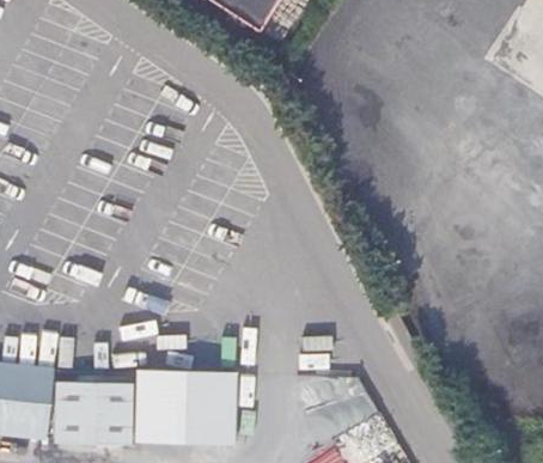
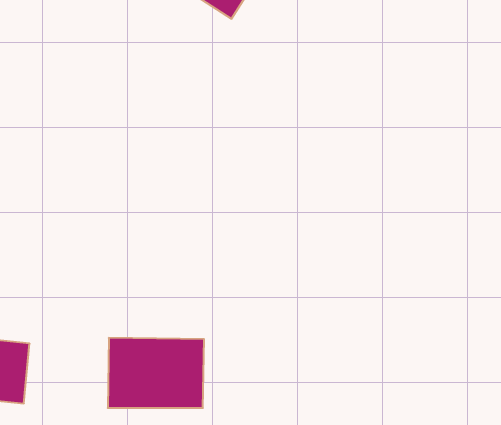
building: [55,378,128,441] -> none

